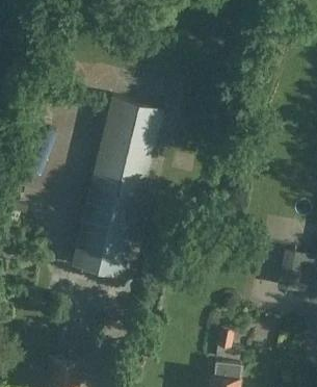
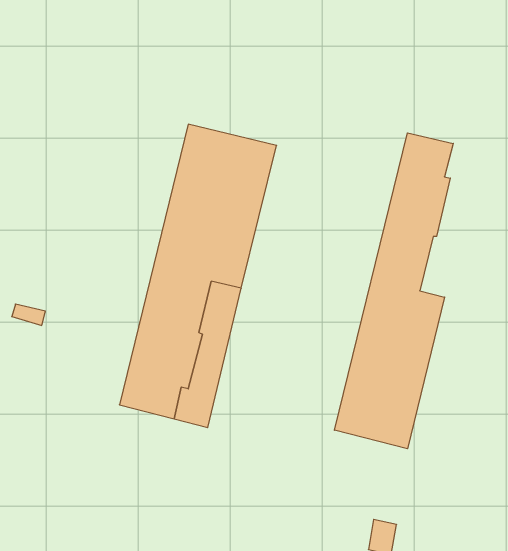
building: none -> [334,133,453,449]

